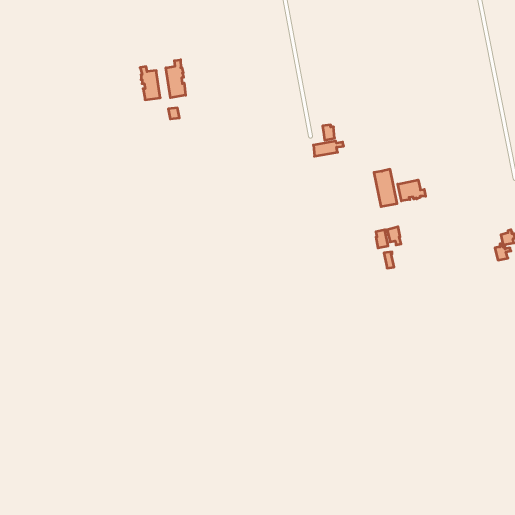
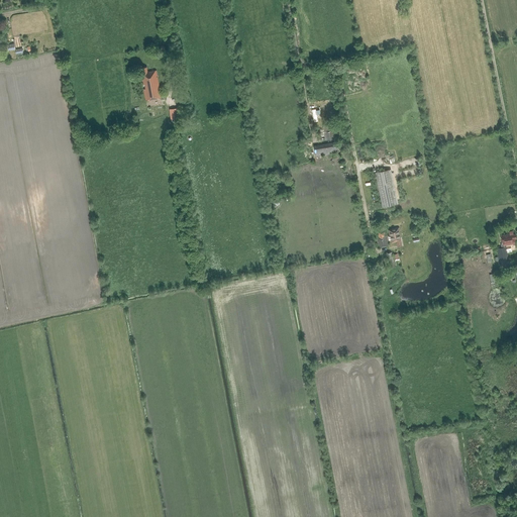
building: [166,60,186,98] -> none
building: [398,180,426,201] -> none

